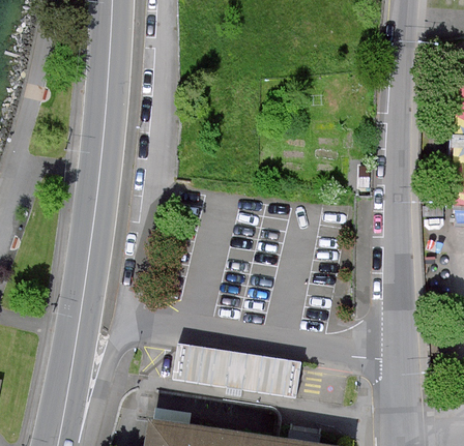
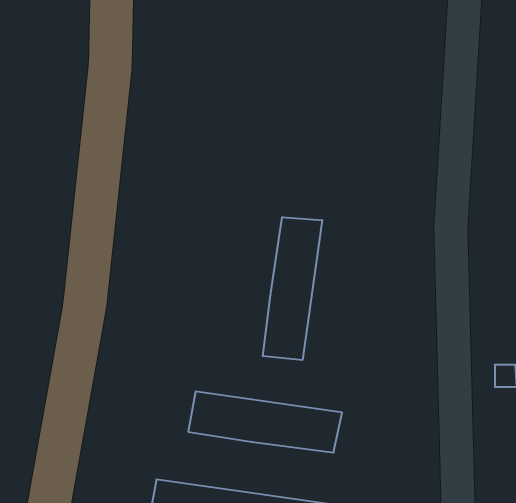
building: none -> [263,217,322,360]

